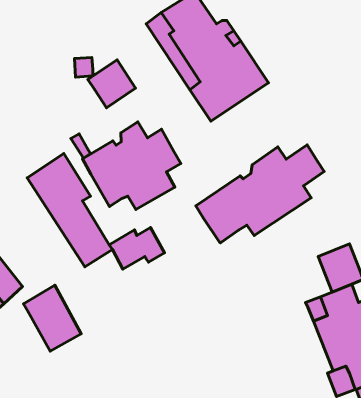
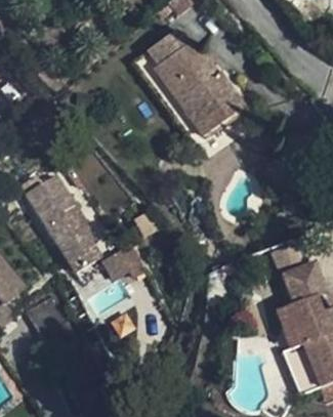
building: [88,60,136,108] -> none
building: [82,122,181,210] -> none
building: [196,145,324,243] -> none

